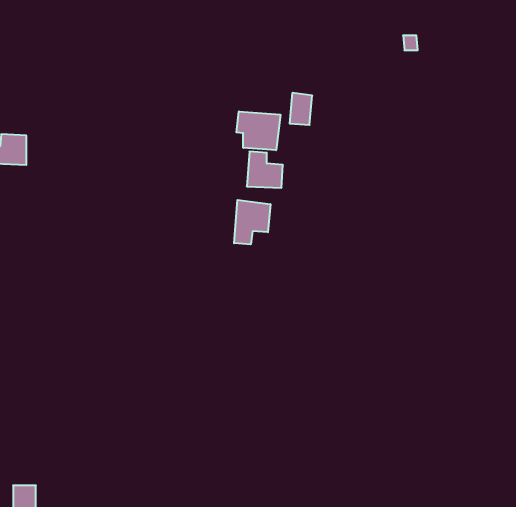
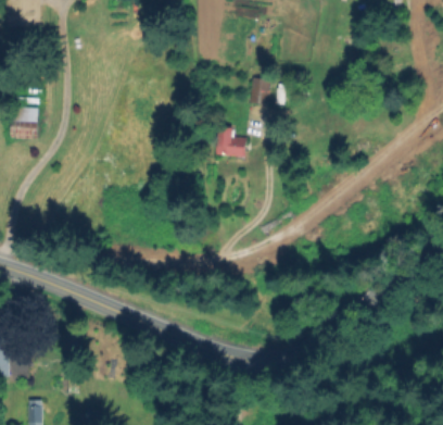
building: [236,111,280,150] -> none
building: [234,200,270,244] -> none

